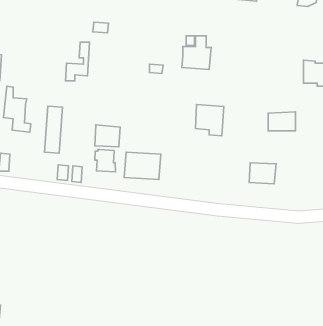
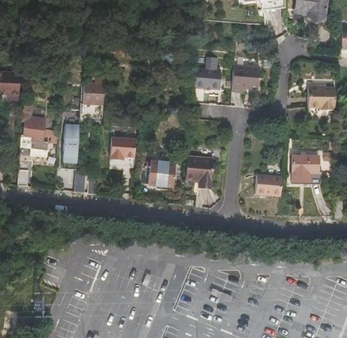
building: none -> [231,65,260,91]
building: [196,105,224,136] -> [186,157,213,187]
building: [268,112,296,131] -> [292,156,318,174]
building: [95,150,116,172] -> none

